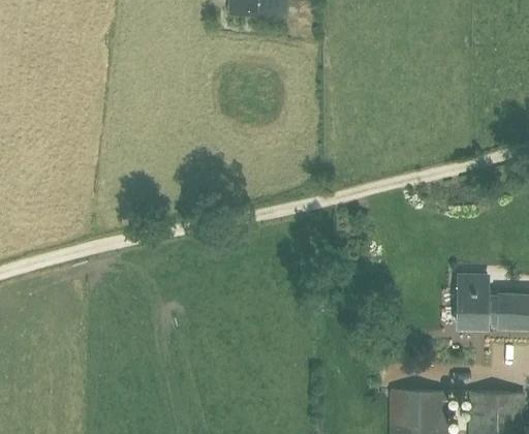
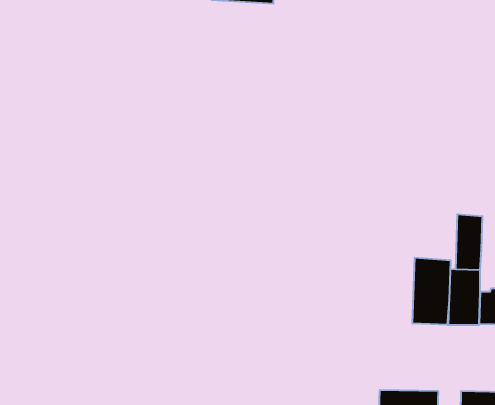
building: none -> [456,214,482,270]
building: none -> [413,258,451,325]

